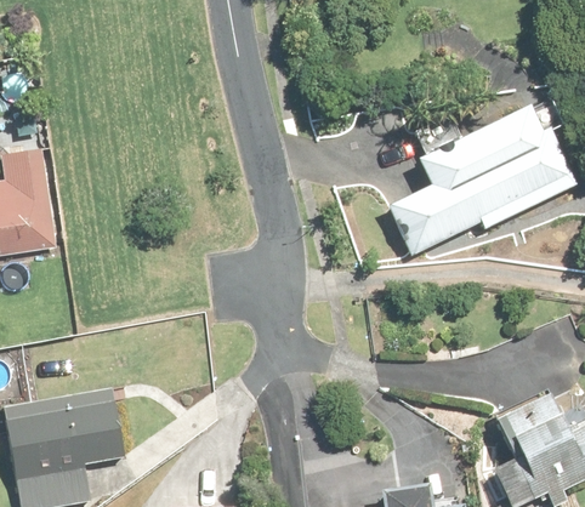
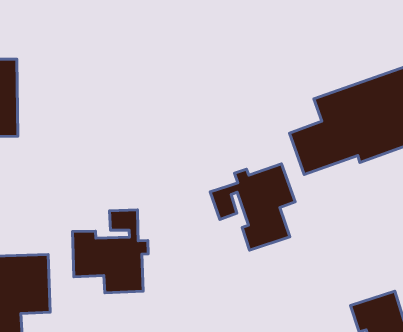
building: none -> [210,164,295,250]
building: none -> [72,210,148,293]

